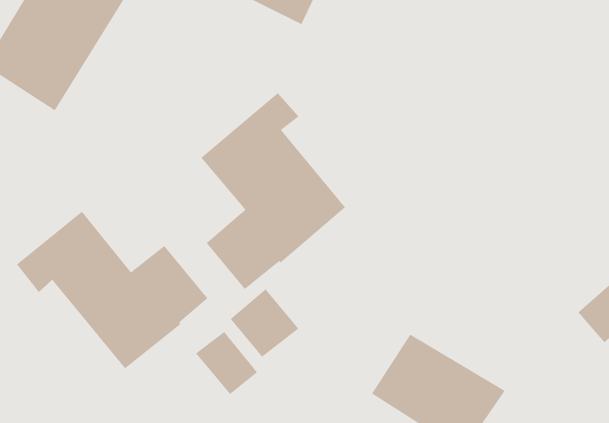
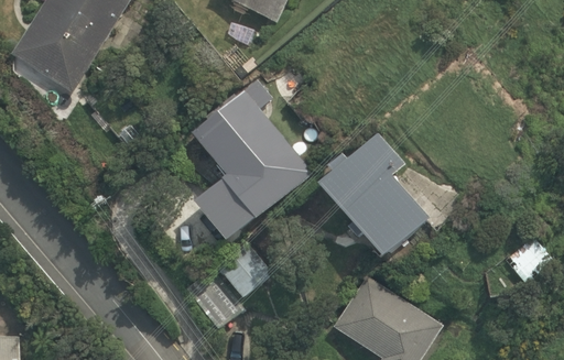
building: none -> [321,132,431,258]
building: [16,211,208,369] -> none

